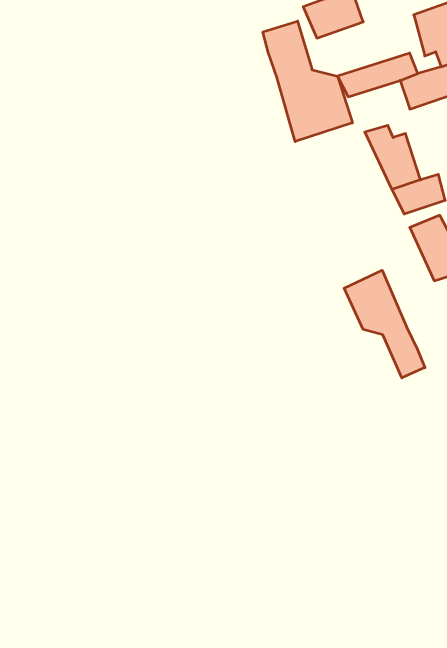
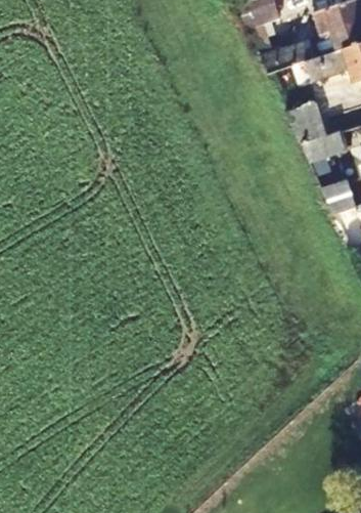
building: [263,21,352,142] -> none
building: [344,270,425,378] -> none

